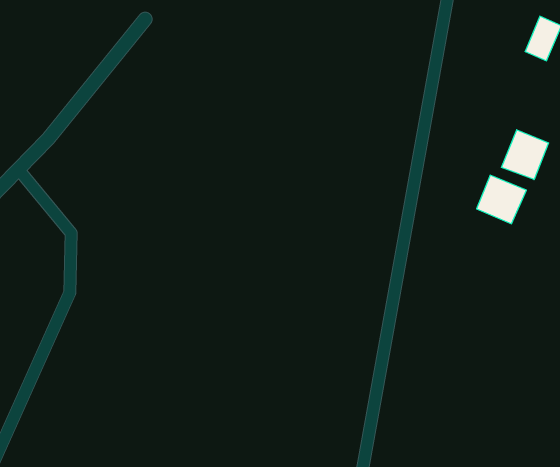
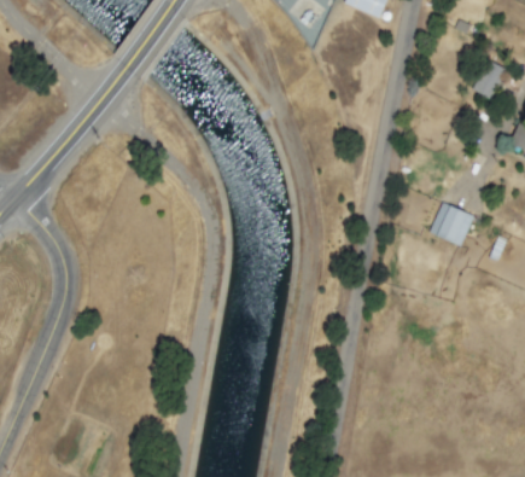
building: [501,130,548,180] -> none

